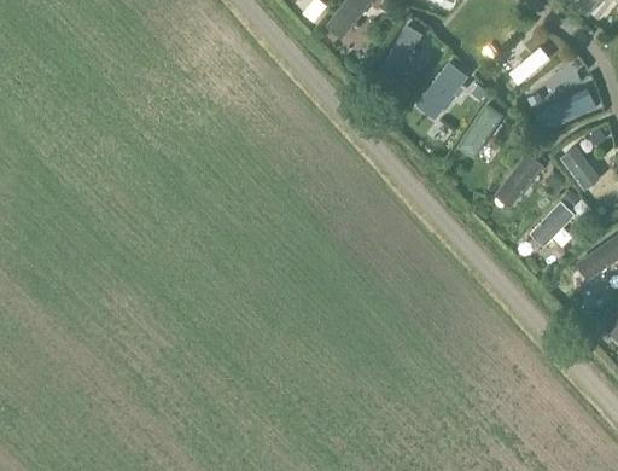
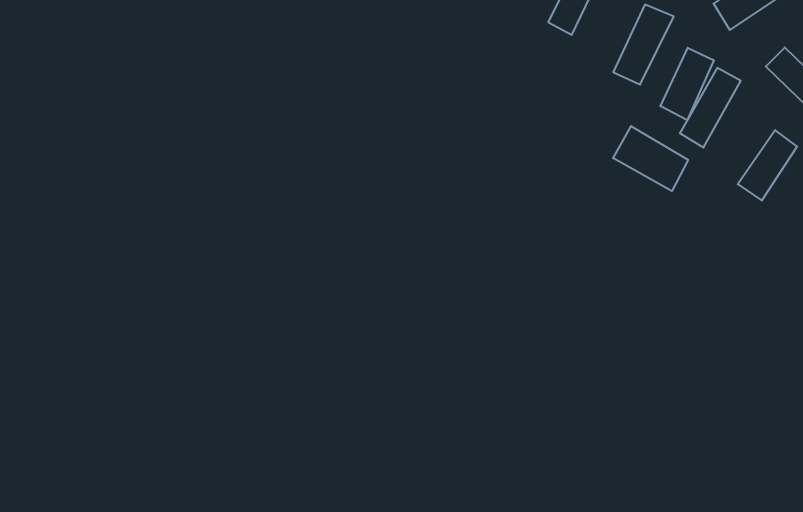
building: none -> [660,48,714,120]
building: none -> [613,126,688,191]

